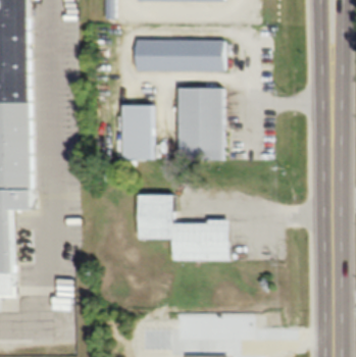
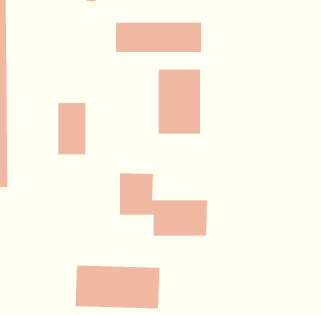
building: [123,106,153,160] -> [57,102,86,155]
building: none -> [75,265,160,309]

